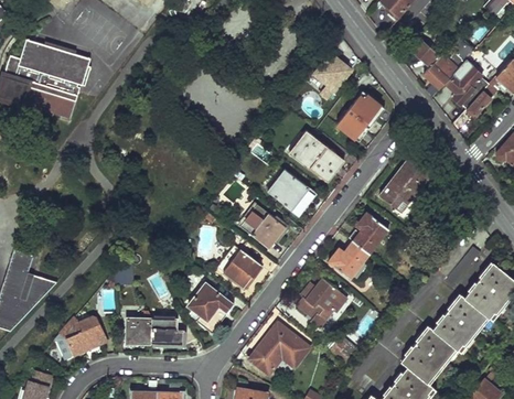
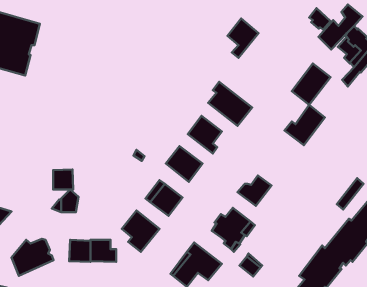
building: [338,91,384,141] -> [292,63,330,105]
building: [351,213,386,254] -> none
building: none -> [53,170,73,189]

